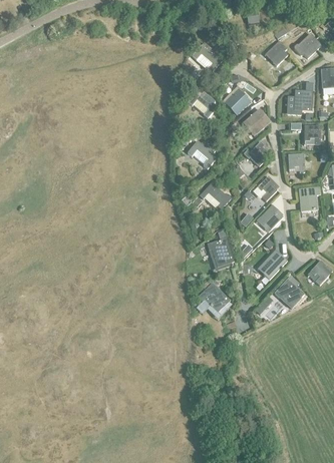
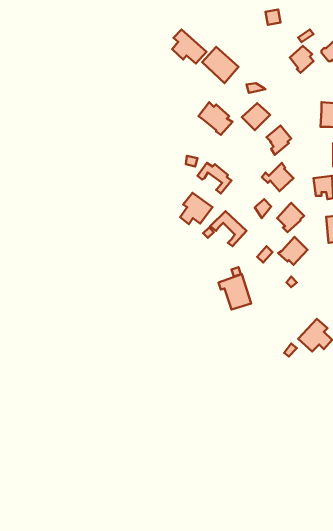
building: none -> [172,29,206,63]
building: none -> [180,193,212,224]
building: [258,250,286,278] -> none
building: [196,283,229,314] -> none

